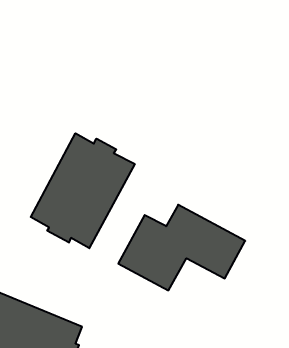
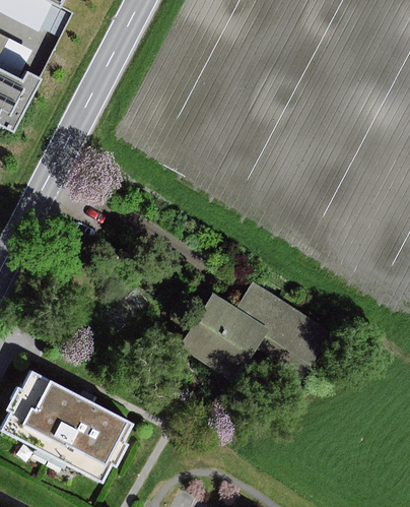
building: [31,133,135,248] -> none

